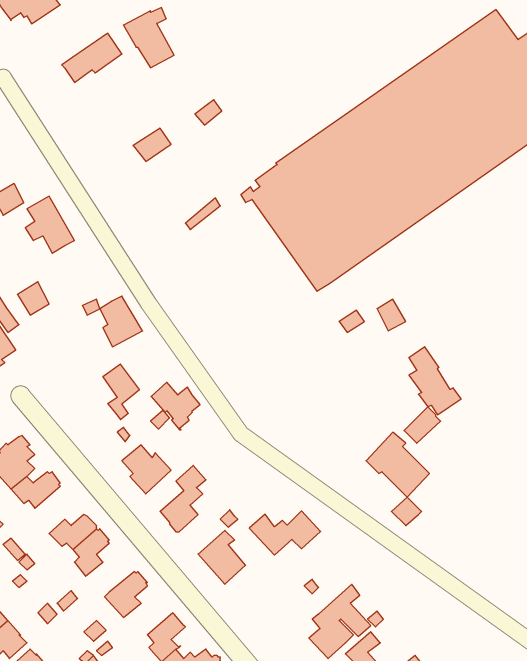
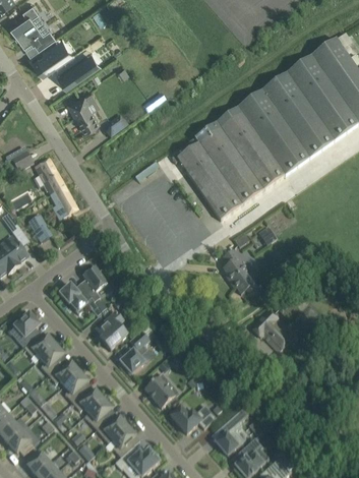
building: [123,8,174,68] -> [66,89,99,128]
building: none -> [31,40,66,71]
building: [100,296,143,347] -> [50,186,77,219]
building: [409,347,461,415] -> [222,249,255,293]
building: [151,382,200,430] -> [59,283,91,313]
building: none -> [39,344,63,374]
building: [249,511,321,555] -> [170,404,216,432]
building: none -> [71,390,103,412]
building: none -> [96,416,127,442]

